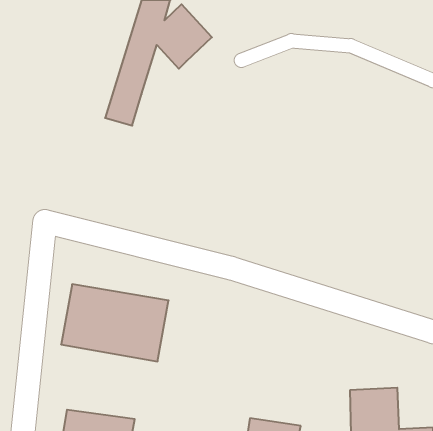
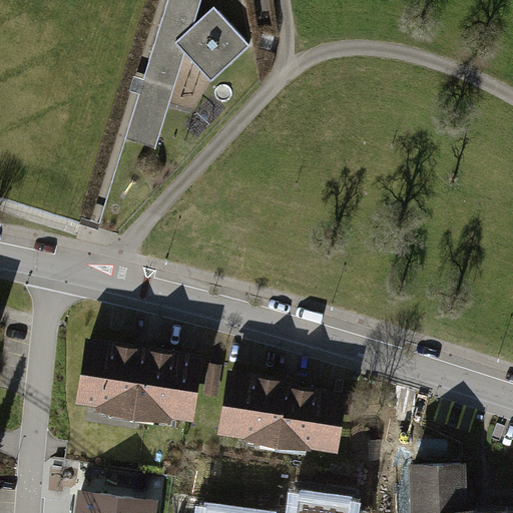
building: none -> [214,371,340,457]

